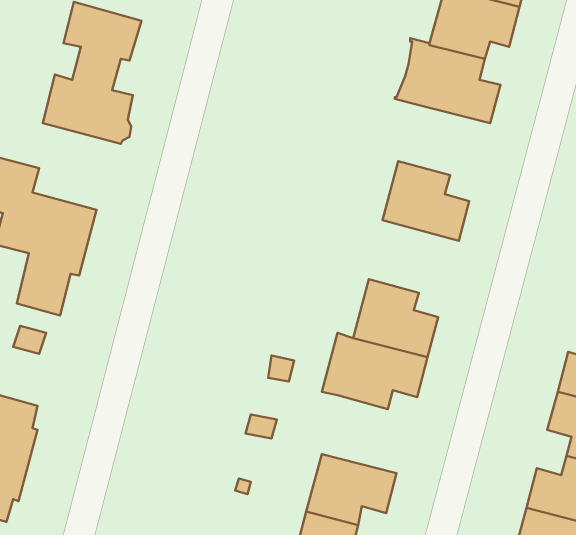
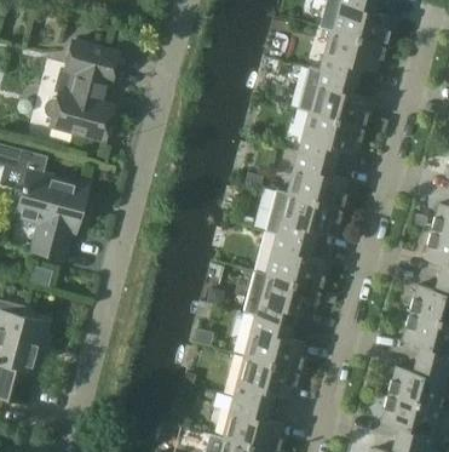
building: none -> [295,111,359,161]
building: none -> [263,190,338,244]
building: none -> [242,315,301,370]

